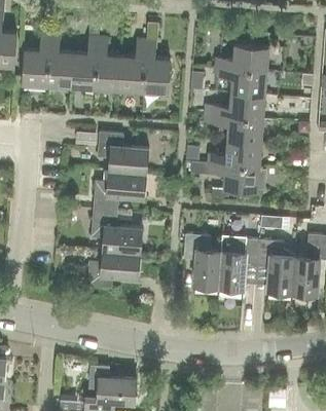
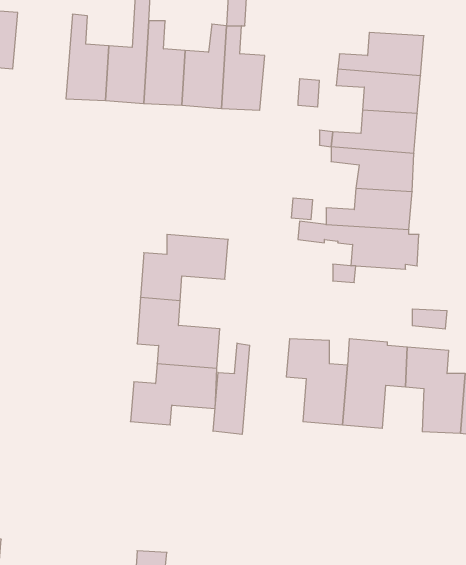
building: [22,33,50,85] -> none
building: [97,132,148,173] -> none
building: none -> [213,343,250,434]

